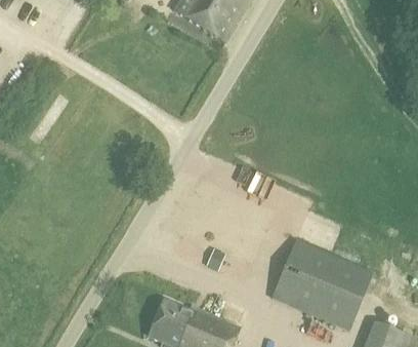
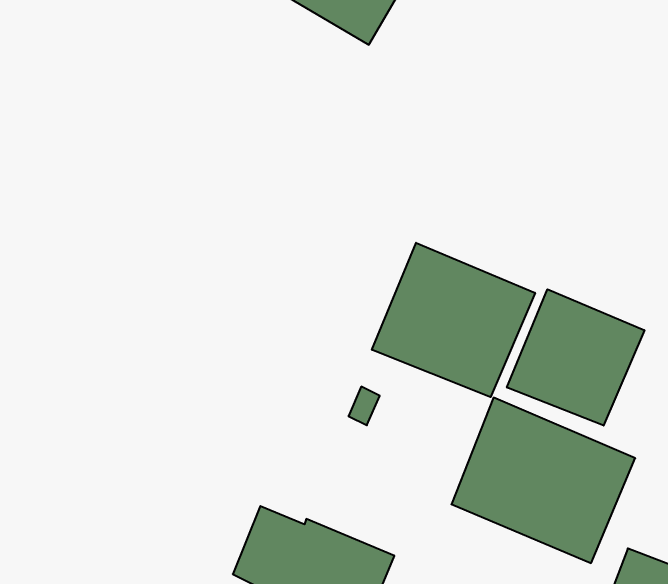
building: none -> [372,243,535,397]
building: none -> [507,289,644,426]

